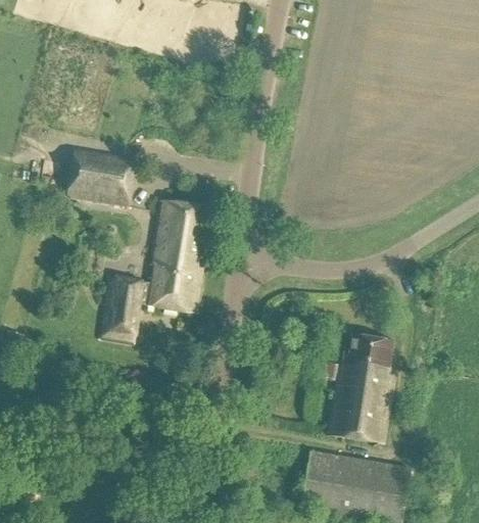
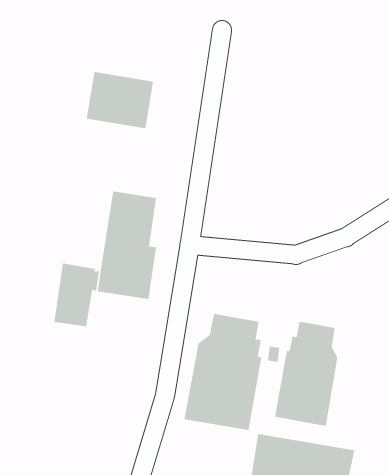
building: [66,147,137,206] -> [86,71,154,129]
building: none -> [184,313,262,431]

